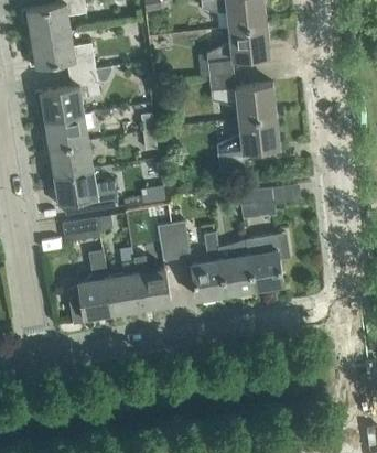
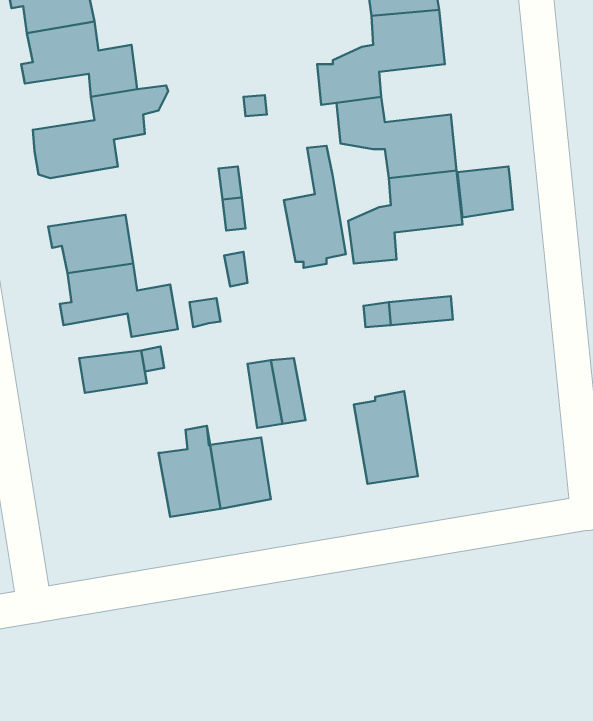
building: none -> [458,166,513,218]
building: [42,114,88,148] -> none
building: [191,233,226,302] -> [284,146,346,268]
building: [247,234,289,290] -> none
building: [68,251,114,324] -> none

